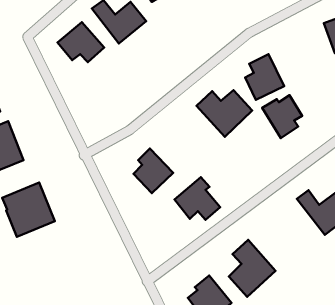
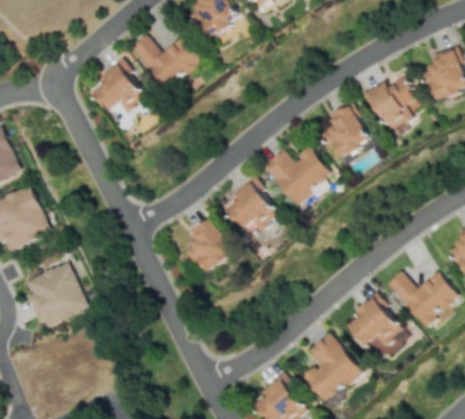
building: [262,95,302,138] -> [368,78,417,131]
building: [174,177,220,220] -> [222,178,279,231]
building: none -> [347,295,405,355]

